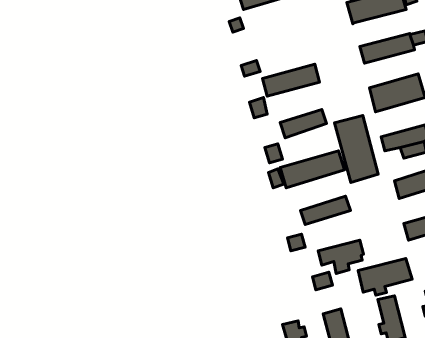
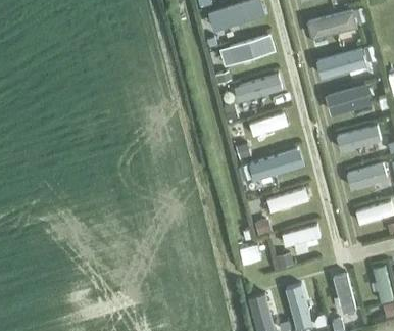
building: none -> [218,34,275,66]
building: [335,116,378,182] -> none
building: [358,258,412,295] -> none

